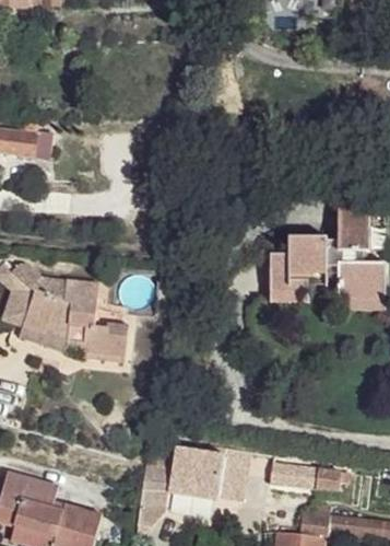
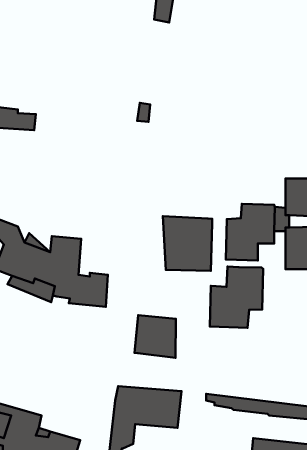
building: none -> [163,216,212,271]
building: none -> [210,267,263,328]
building: none -> [134,315,176,358]

